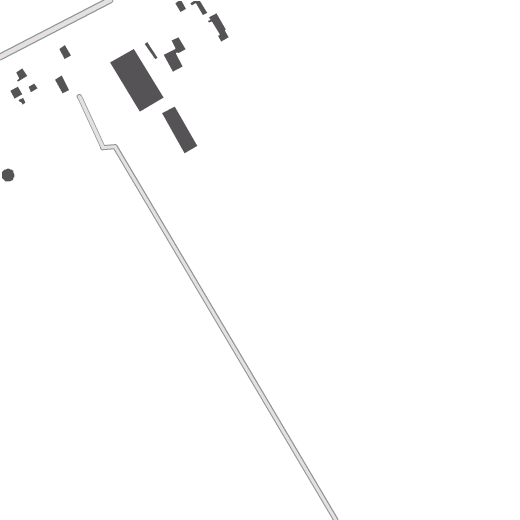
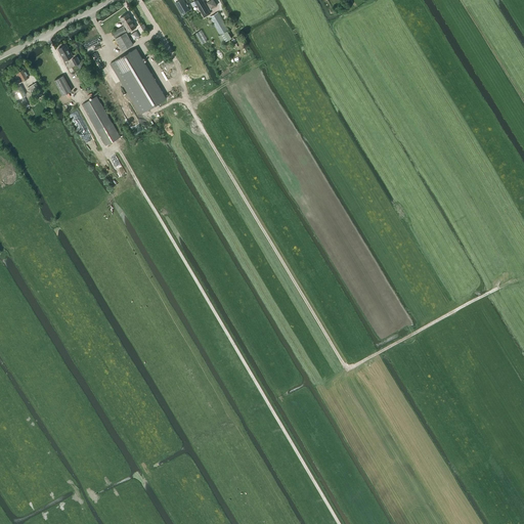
building: [162,36,187,73] -> [112,13,136,50]
building: [161,106,199,154] -> [82,96,120,145]

